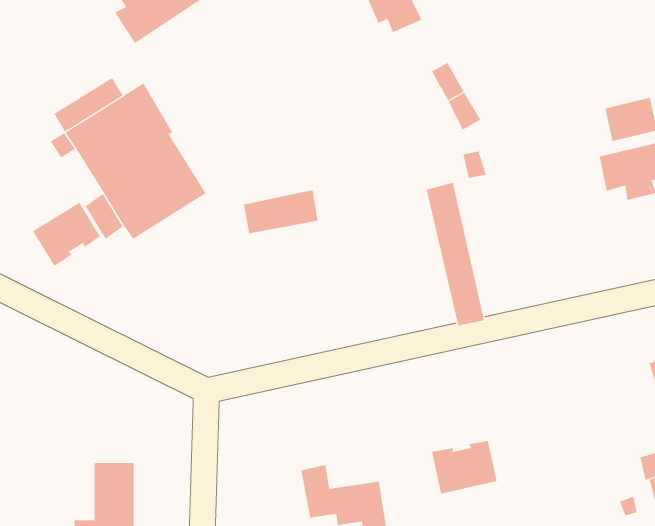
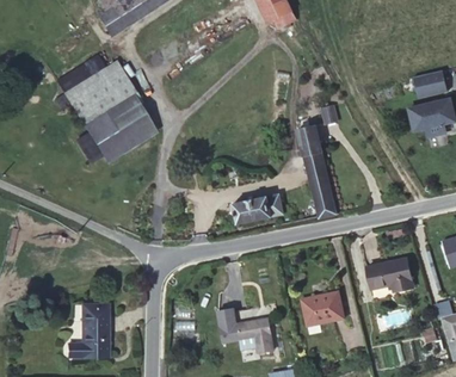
building: [243,190,319,234] -> [234,194,283,223]
building: [32,202,101,267] -> none
building: none -> [366,258,413,291]

